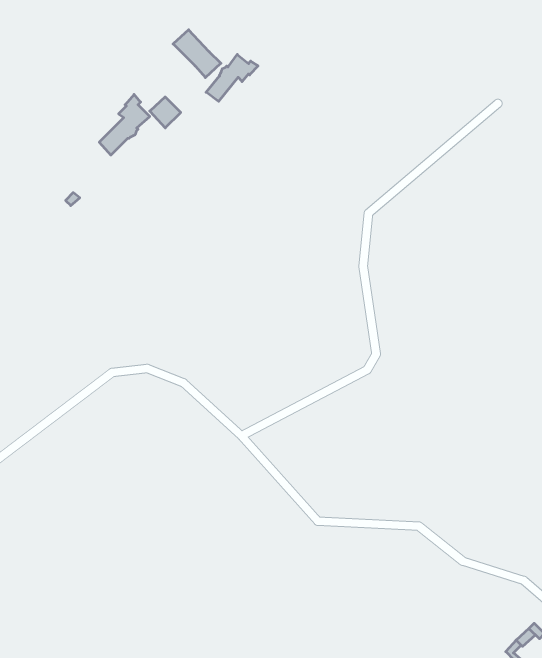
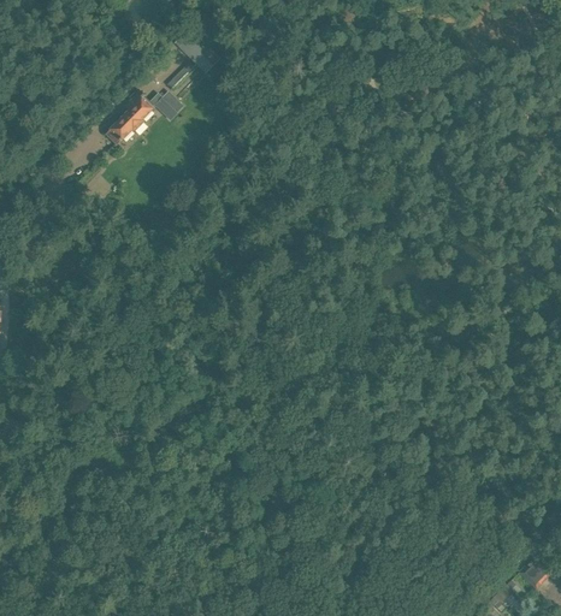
building: [206,54,258,101] -> none

